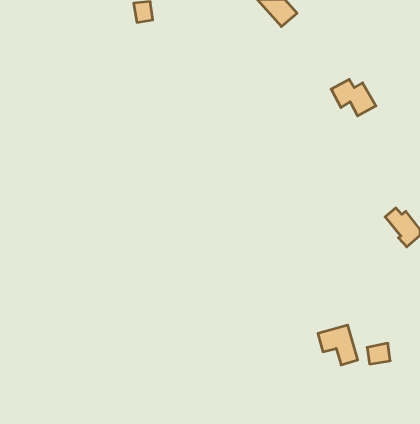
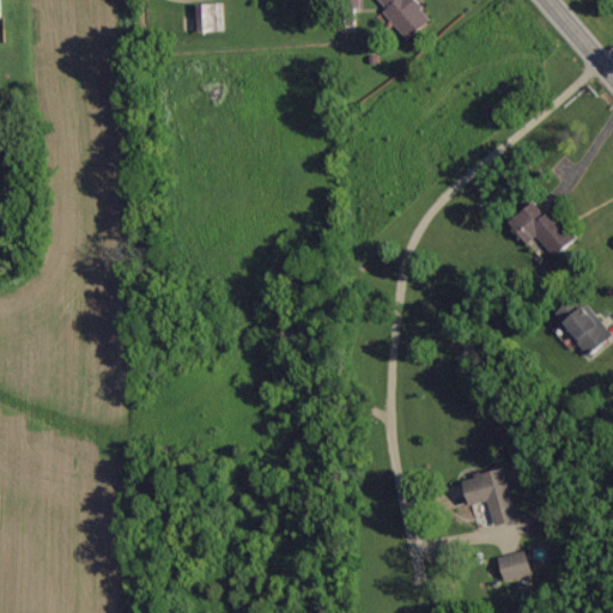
building: [331,79,376,116] -> [509,202,573,255]
building: [367,343,390,364] -> [496,550,529,579]

